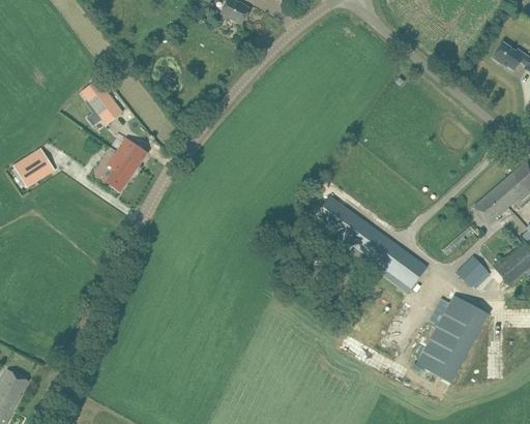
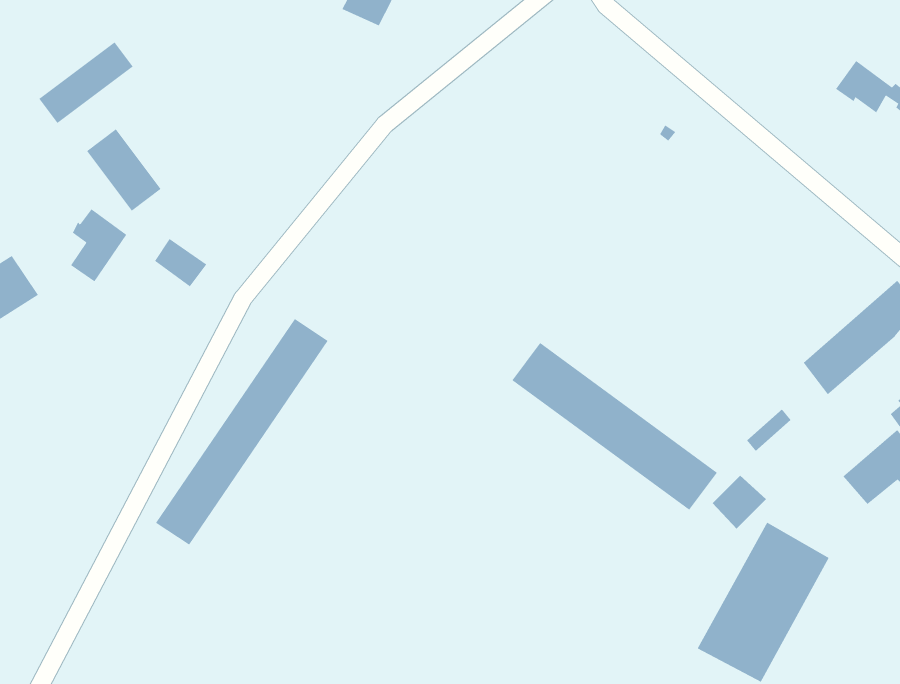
building: none -> [38,41,134,124]
building: [107,151,138,191] -> [70,208,127,282]
building: none -> [155,318,329,546]
building: [457,256,487,286] -> [712,475,767,530]

